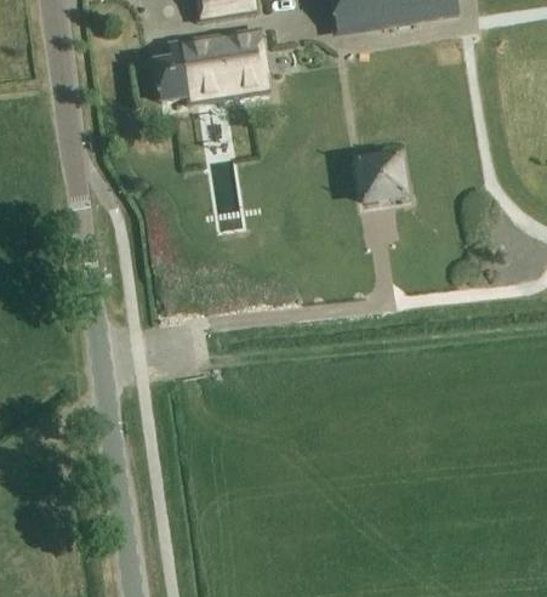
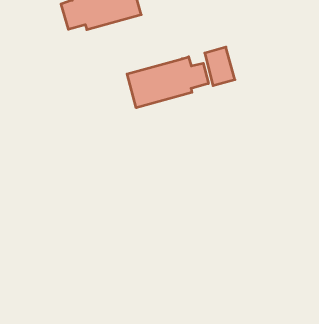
building: none -> [127,57,208,108]

